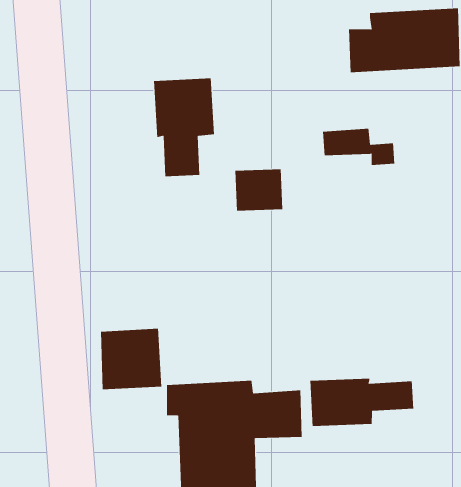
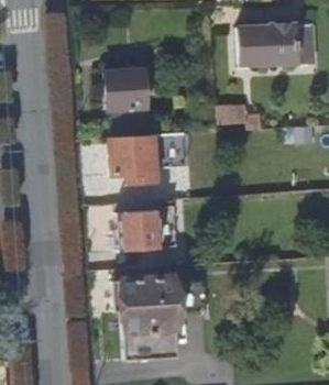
building: none -> [108,135,154,182]
building: [100,328,162,390] -> [116,209,157,251]
building: [310,378,414,427] -> none

